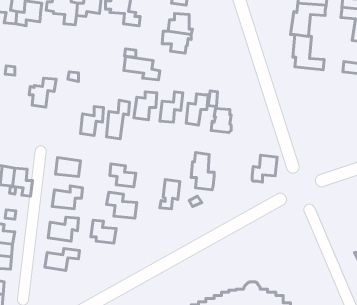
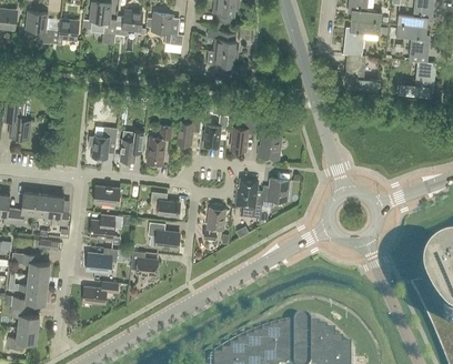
building: [124,56,160,80] -> none
building: [29,78,56,107] -> [89,125,118,156]
building: [252,155,277,182] -> [262,176,289,205]

